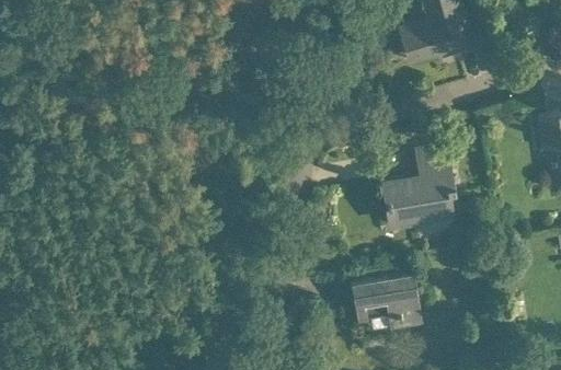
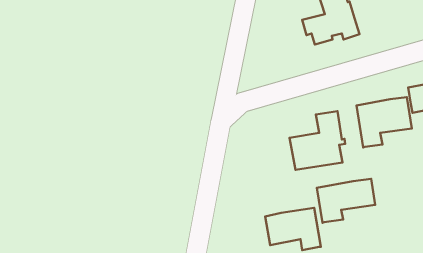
building: none -> [357,97,412,148]
building: none -> [317,179,375,223]

